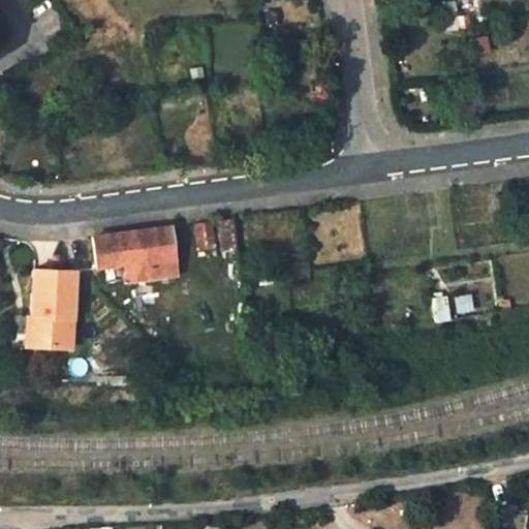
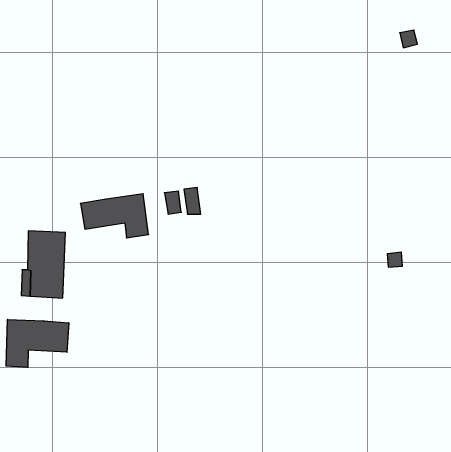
building: none -> [6,319,69,367]

